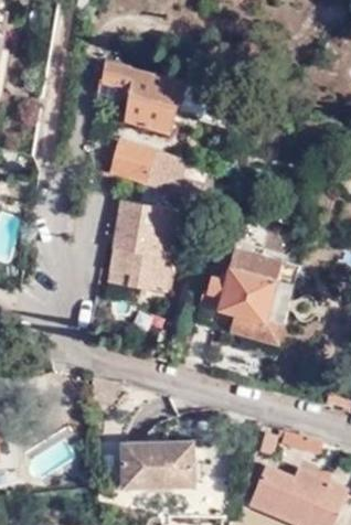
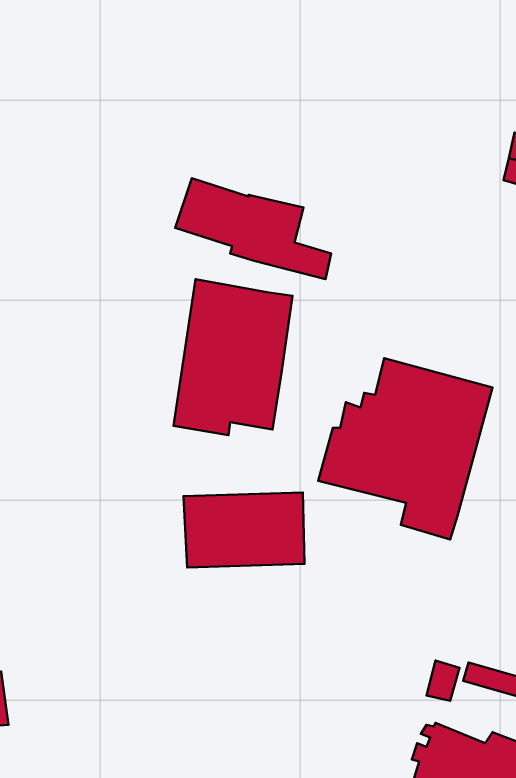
building: [97,61,184,130] -> none
building: [124,440,196,485] -> [184,492,305,568]

